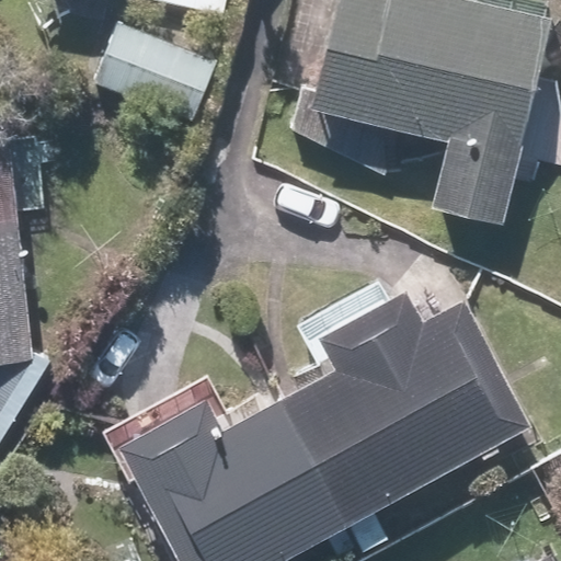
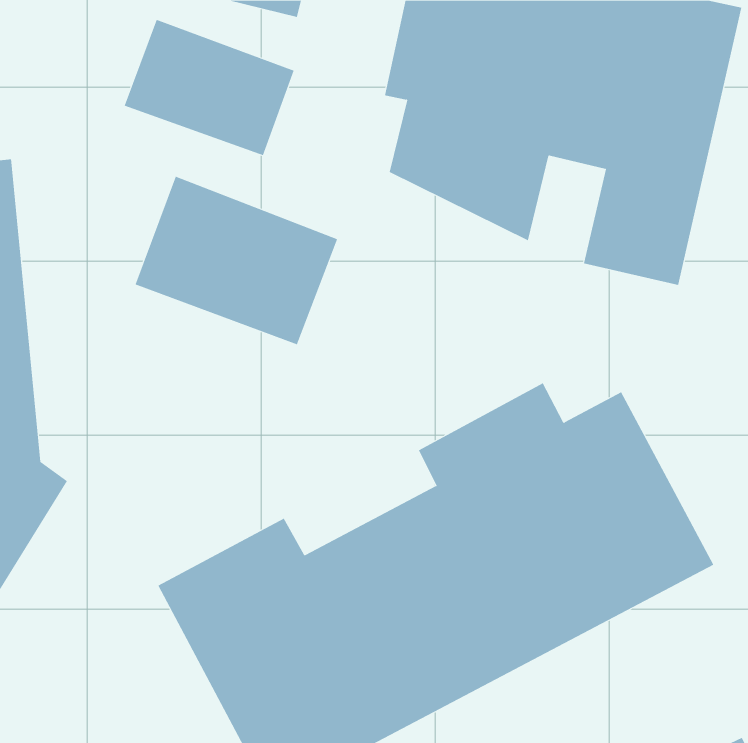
building: none -> [135,176,338,345]

